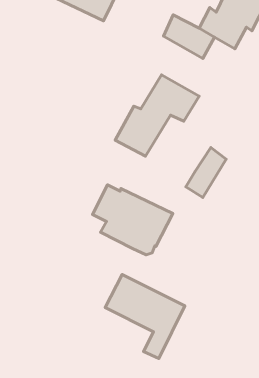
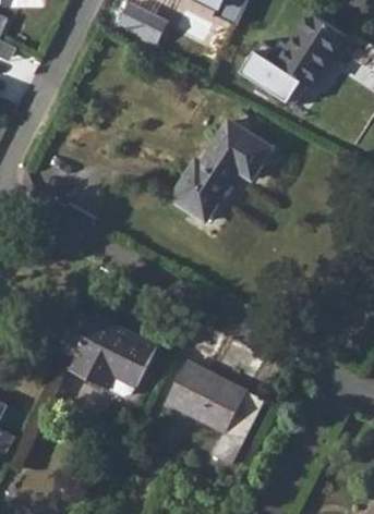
building: [186,147,226,198] -> none
building: [92,185,173,255] -> [57,311,155,396]

